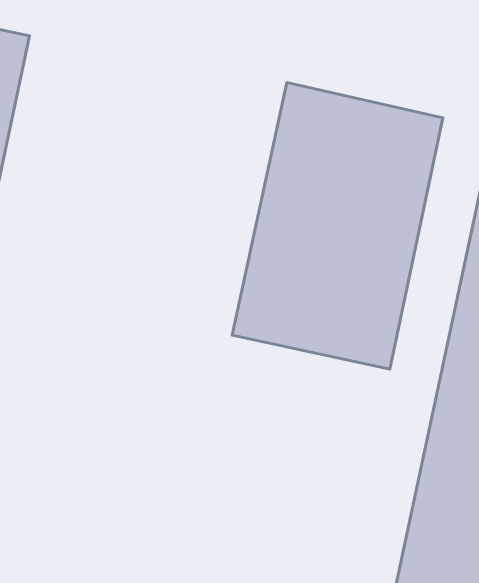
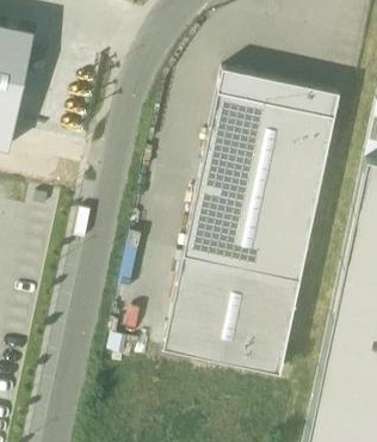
building: none -> [162,257,299,375]

